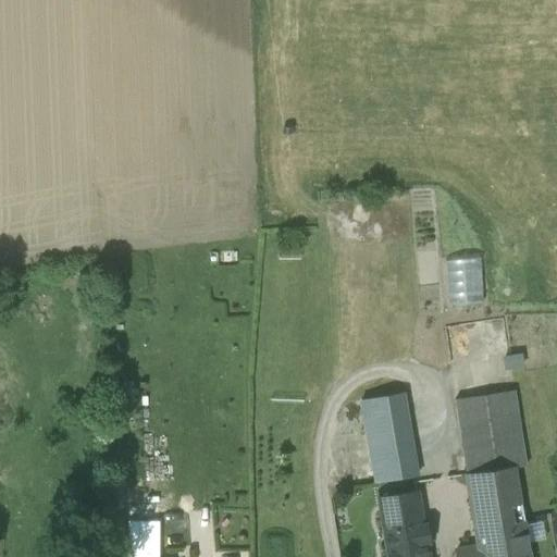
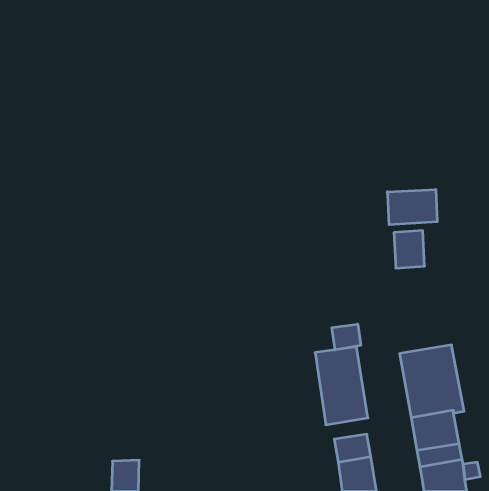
building: none -> [387,189,437,225]
building: none -> [332,324,361,350]

